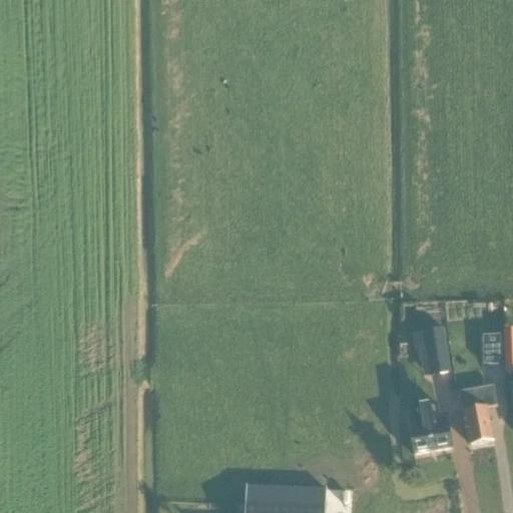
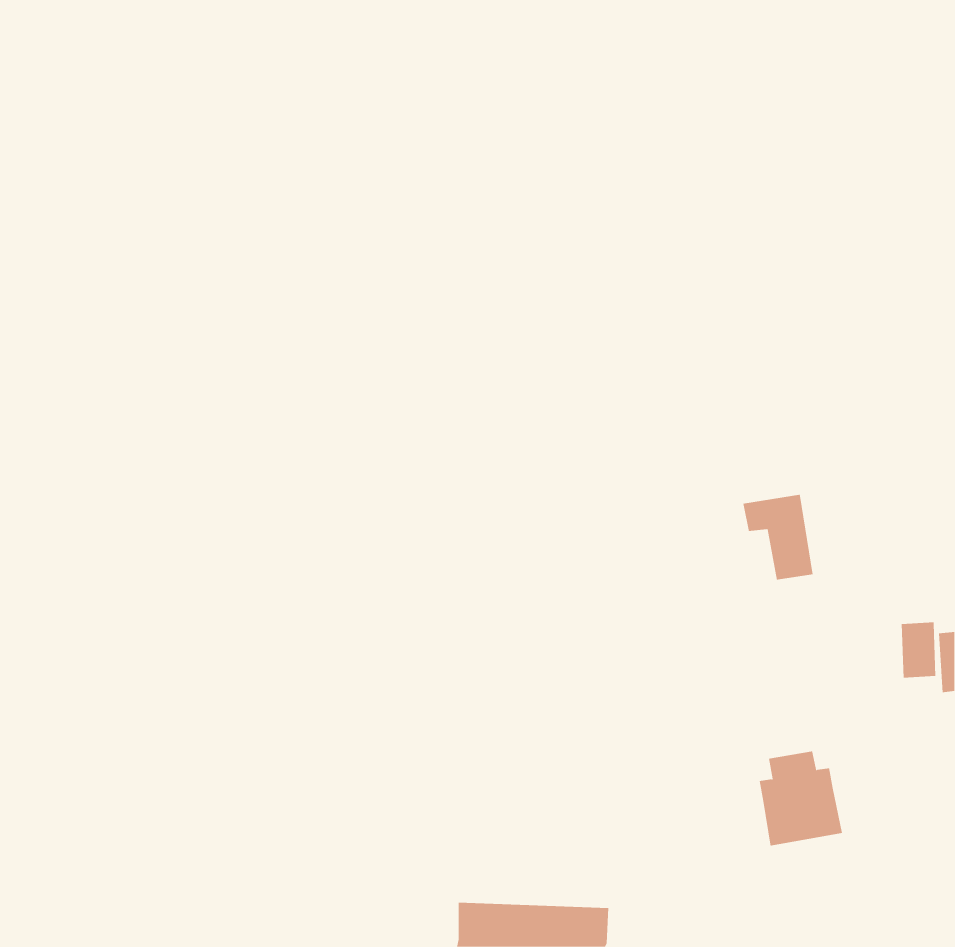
building: [412,328,450,374] -> [743,494,814,580]
building: [458,384,496,444] -> none

